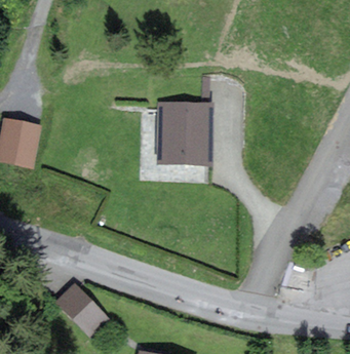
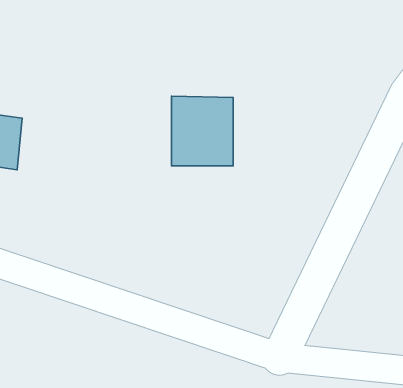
building: [57,283,106,335] -> none

